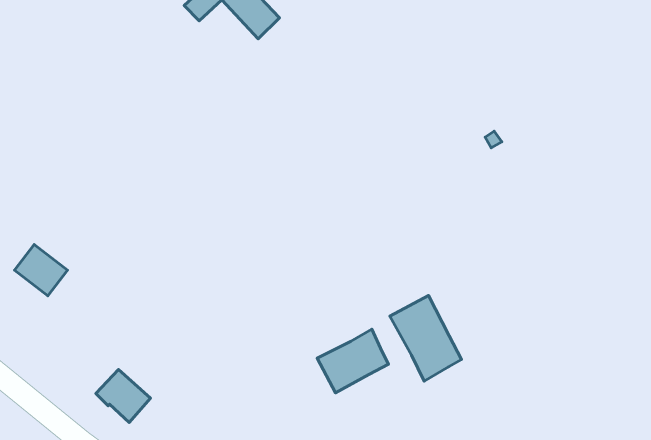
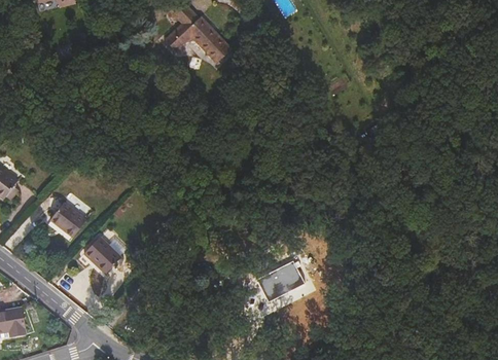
building: [390,295,462,381] -> none
building: [96,369,150,422] -> [84,238,121,274]

